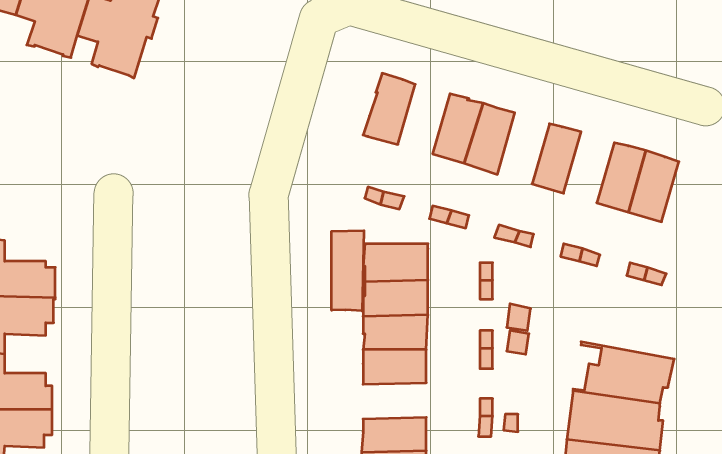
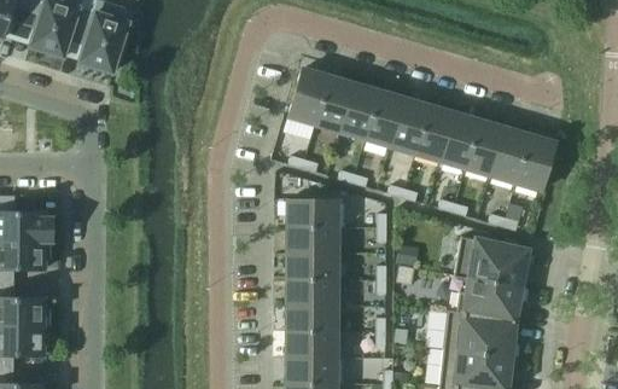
building: none -> [314,77,354,130]
building: none -> [390,99,430,153]
building: none -> [441,114,479,168]
building: none -> [515,137,555,191]
building: [332,231,364,311] -> none
building: none -> [454,237,529,288]
building: none -> [287,306,336,333]

